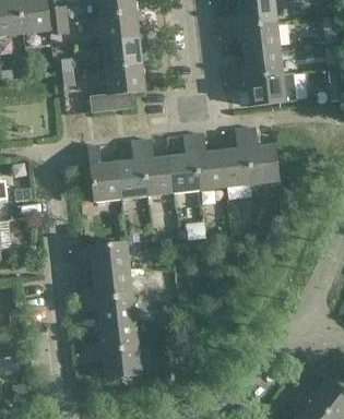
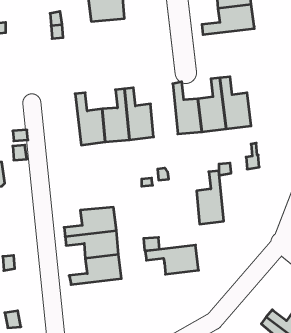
building: [91,64,145,112] -> none
building: [227,72,297,107] -> none
building: [170,135,200,193] -> [197,171,224,224]
building: [72,241,130,273] -> none
building: [84,347,142,379] -> [145,245,199,274]

